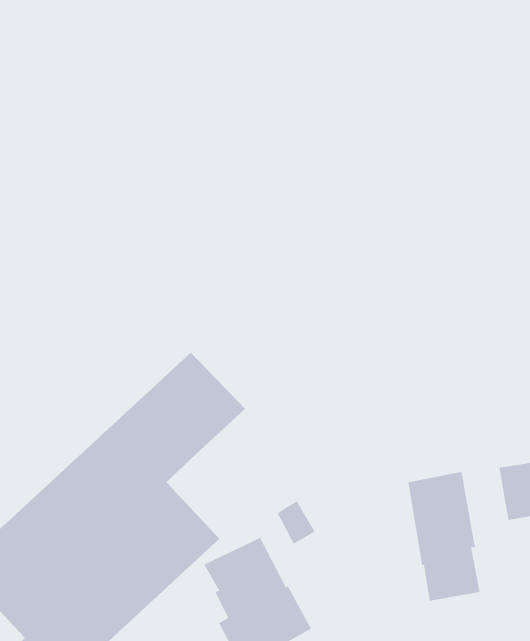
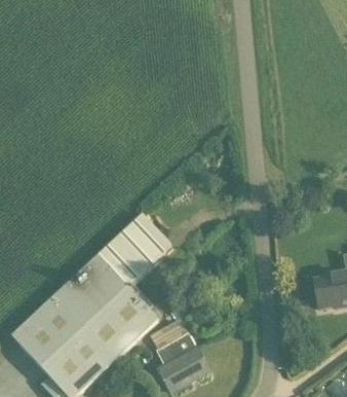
building: [408,471,480,602] -> none

